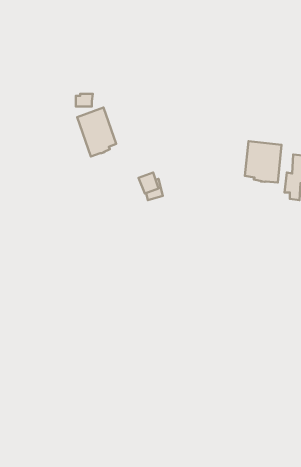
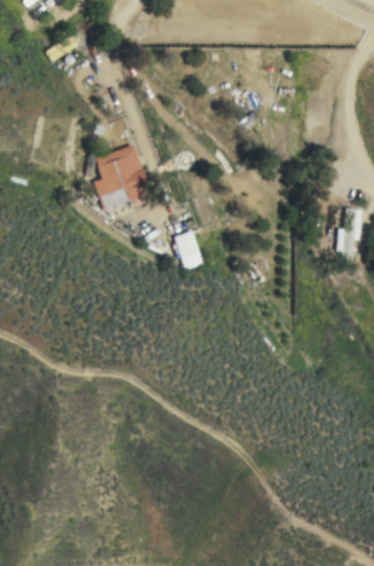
building: [245,141,282,183] -> none

